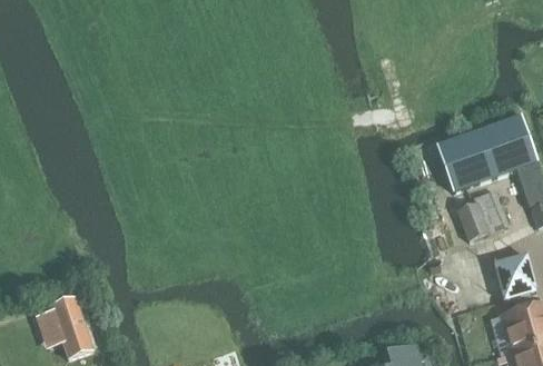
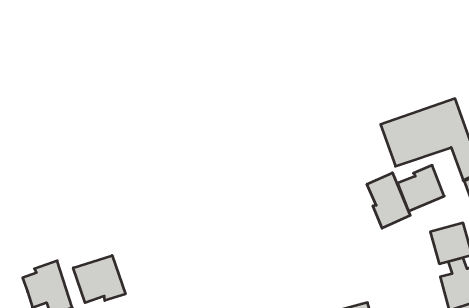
building: none -> [367,173,410,228]
building: none -> [73,255,125,303]

